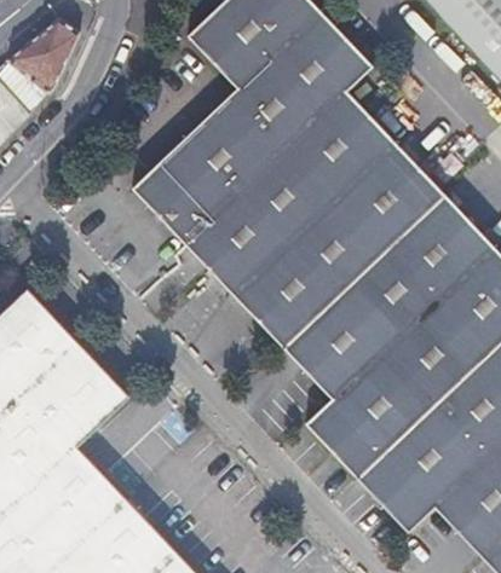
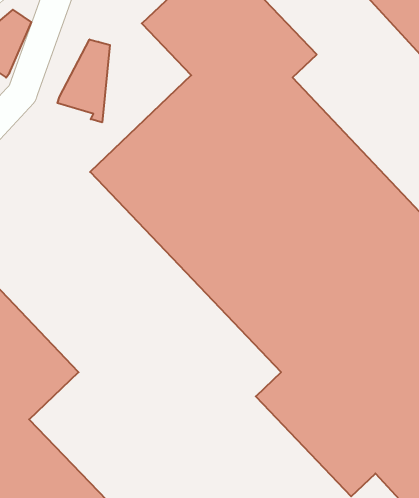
building: none -> [57,39,110,122]

